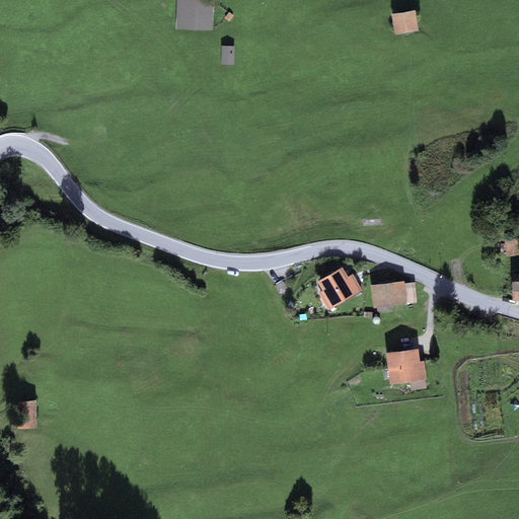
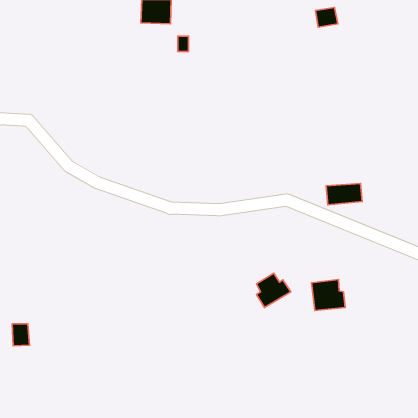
building: [318,266,361,308] -> [256,273,291,308]
building: [372,281,417,307] -> [326,183,362,205]

